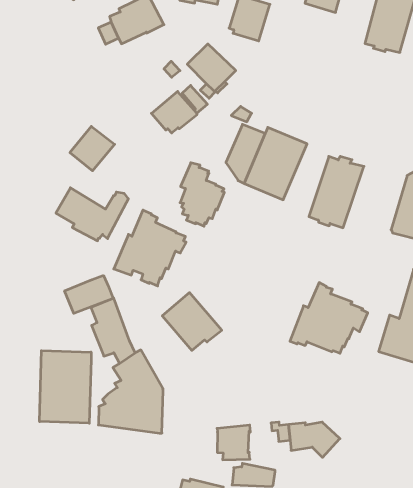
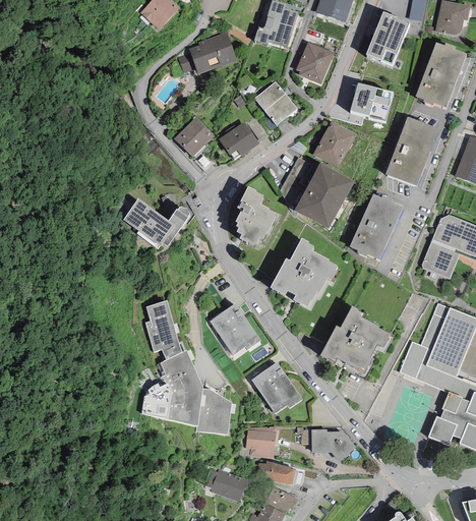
building: none -> [350,81,394,120]
building: none -> [385,116,438,185]
building: none -> [313,120,356,168]
building: [70,126,115,171] -> [173,117,214,157]
building: [114,210,186,286] -> [270,237,337,306]
building: [65,276,113,313] -> none
building: [40,351,91,423] -> none
building: none -> [251,361,302,413]
building: none -> [195,388,231,433]

